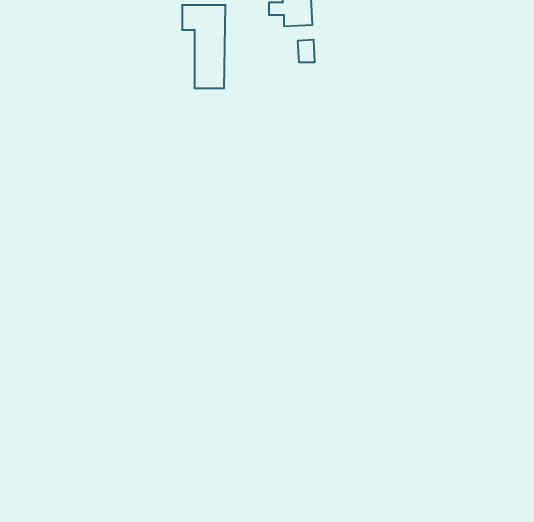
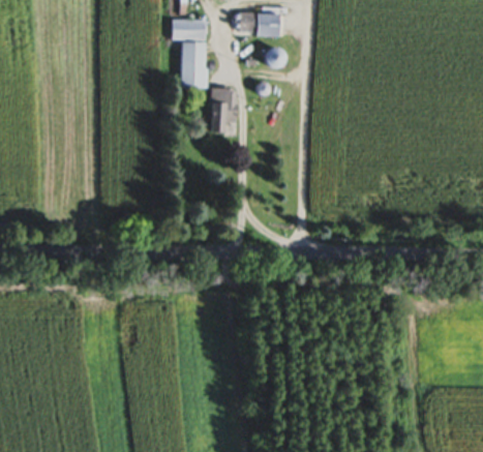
building: none -> [212,89,238,133]

